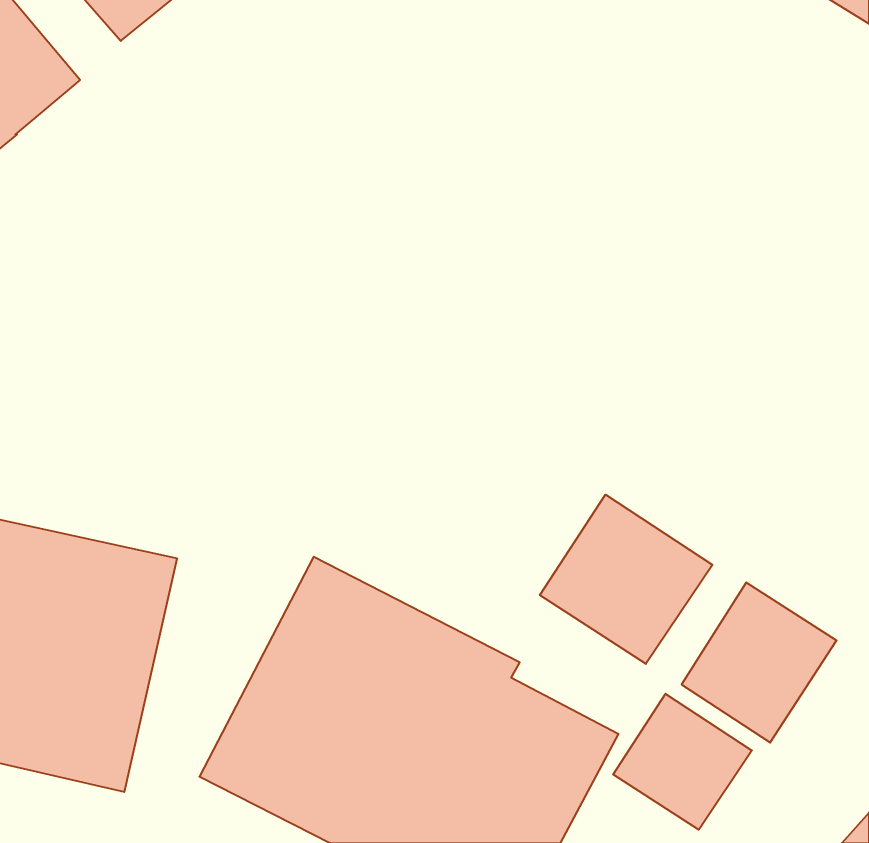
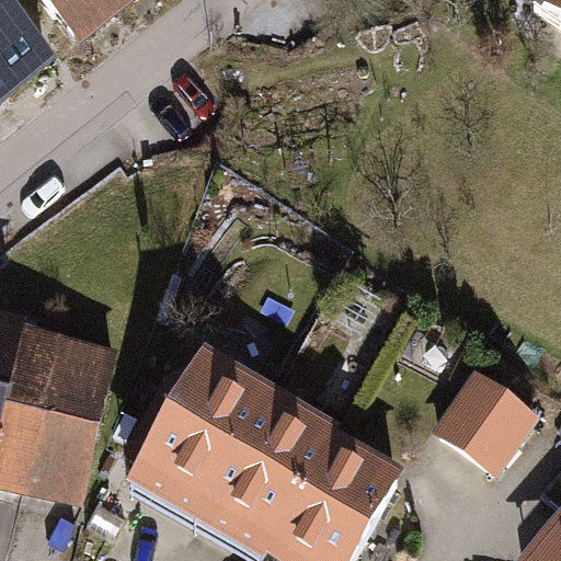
building: [540,495,712,664] -> none
building: [613,694,752,830] -> none

